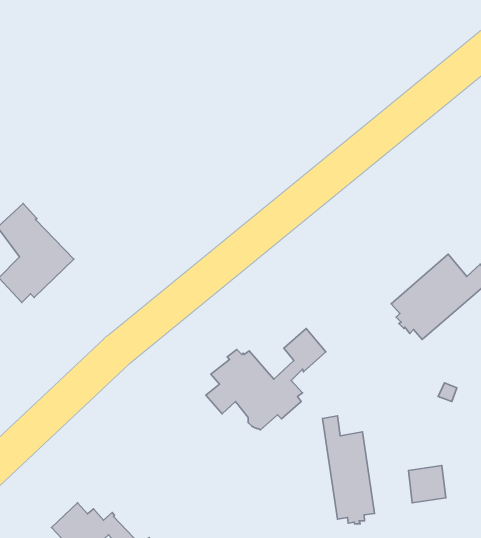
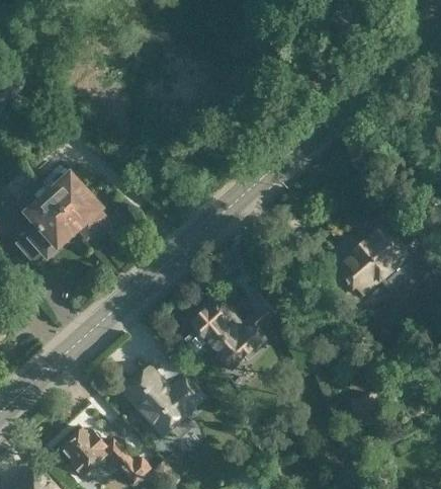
building: none -> [46,174,106,233]
building: [322,416,374,524] -> none
building: none -> [120,364,202,435]

